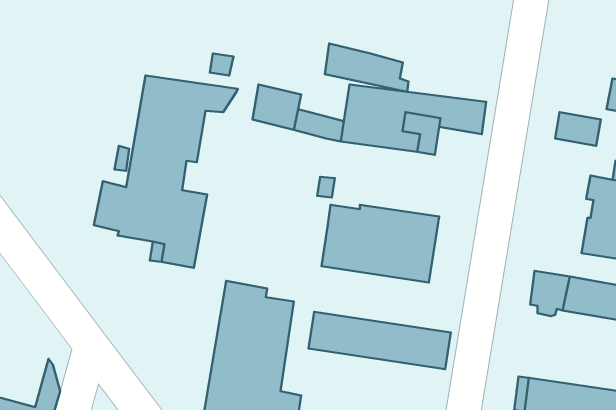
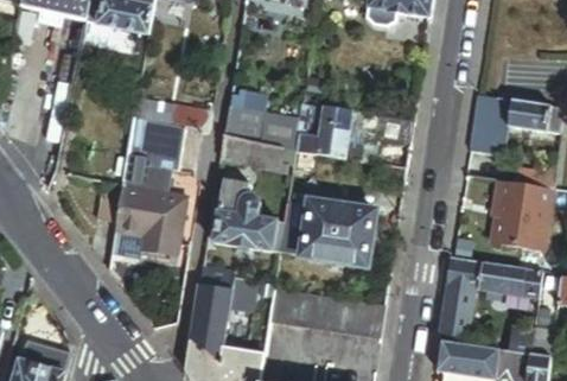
building: [325,43,409,92] -> [221,133,288,172]
building: none -> [472,94,511,133]
building: none -> [215,179,285,252]
building: none -> [441,282,474,336]

